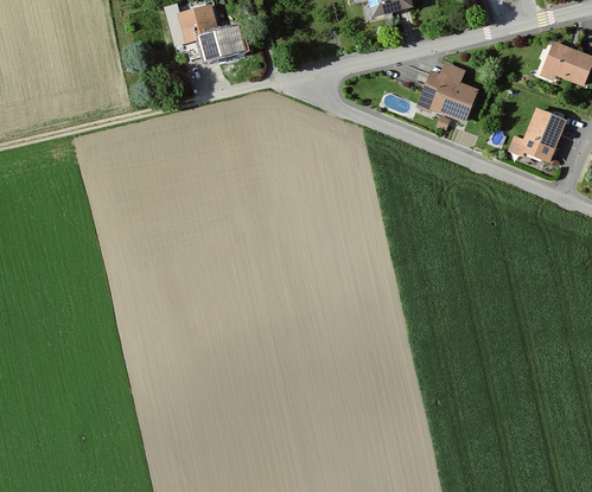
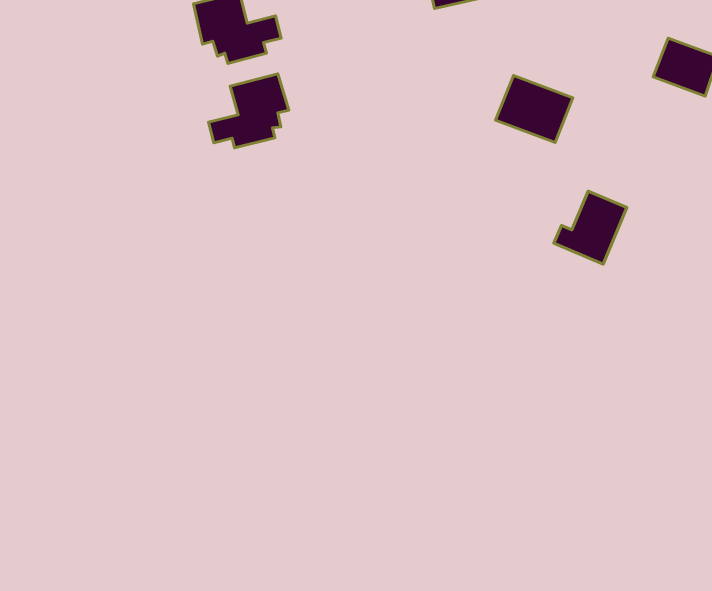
building: none -> [209,74,289,148]
building: [509,108,567,166] -> [554,191,627,264]

